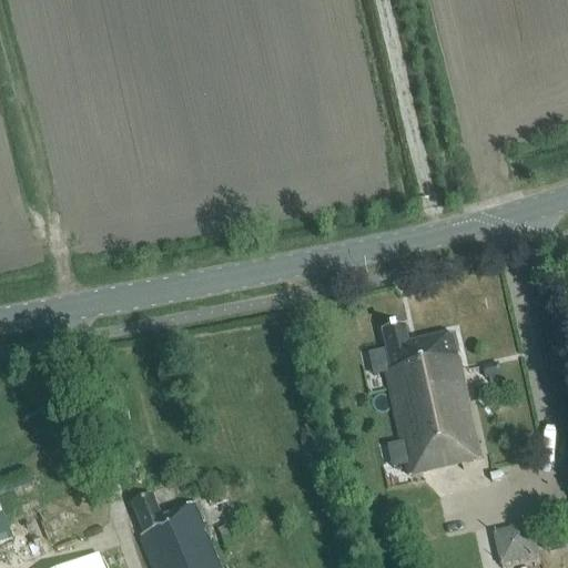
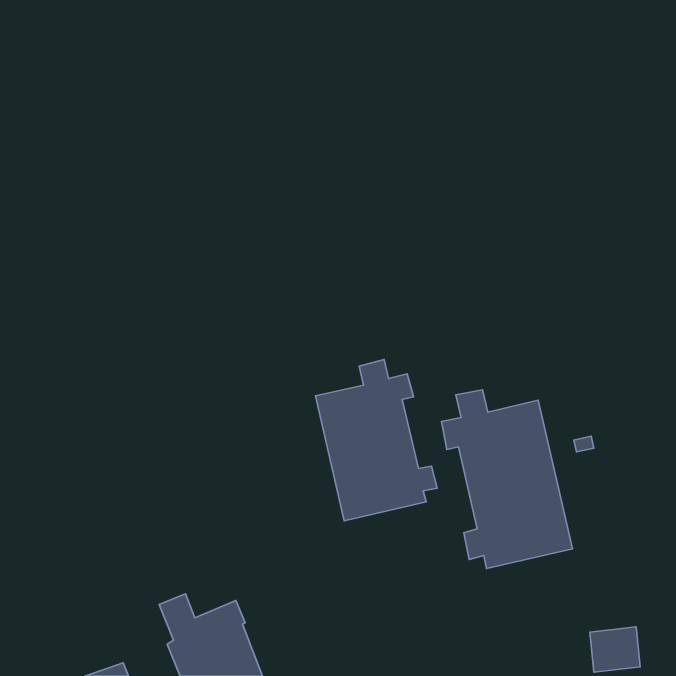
building: none -> [315,360,437,521]

